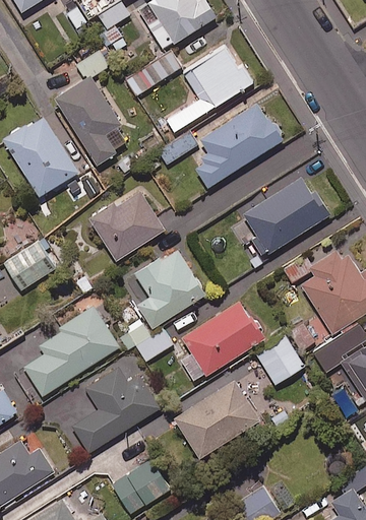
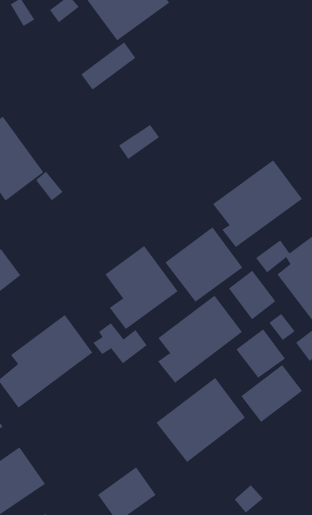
building: [164,47,252,132] -> none
building: [52,51,131,167] -> none
building: [189,102,281,187] -> none
building: [88,188,164,260] -> [165,226,243,303]
building: none -> [228,270,276,320]
building: [47,355,158,457] -> none
building: none -> [240,364,303,423]

